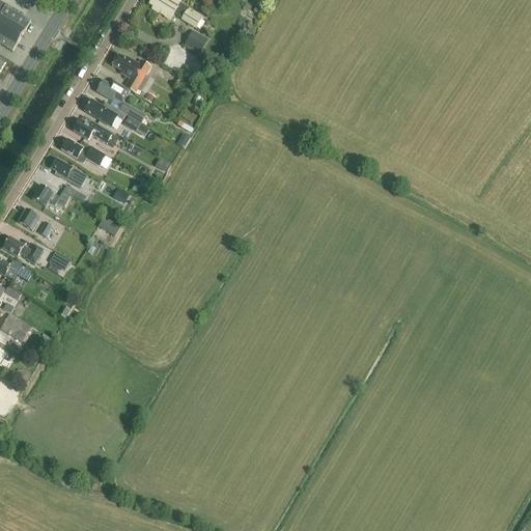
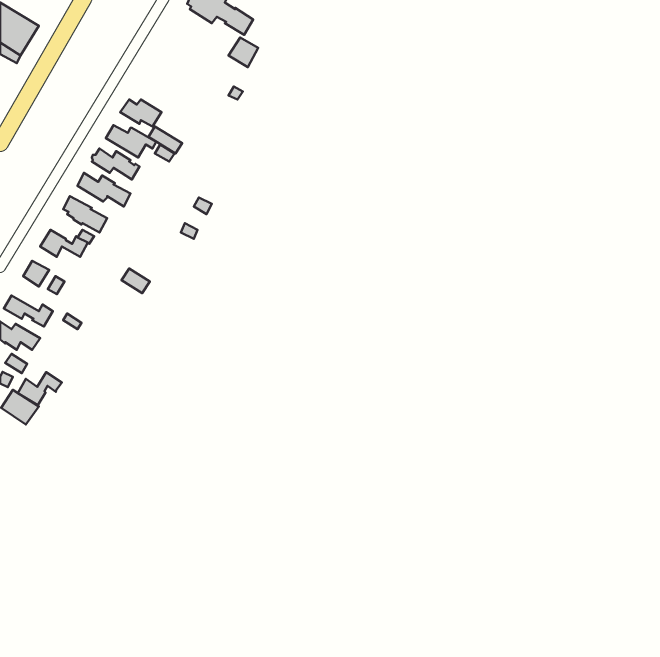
building: [113,55,151,93] -> none
building: none -> [18,372,62,405]

